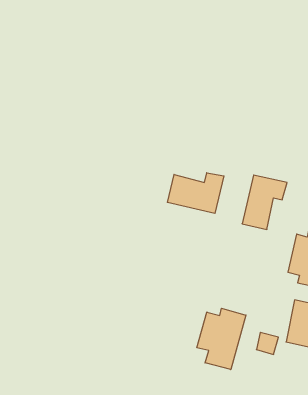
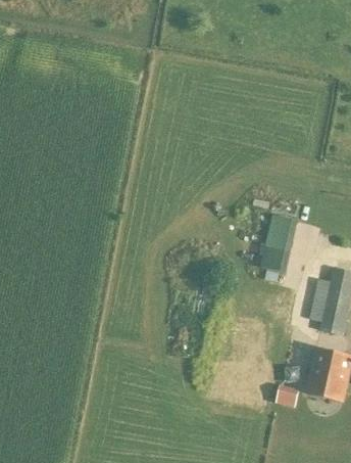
building: [167,173,224,213] -> none
building: [197,308,246,370] -> none

